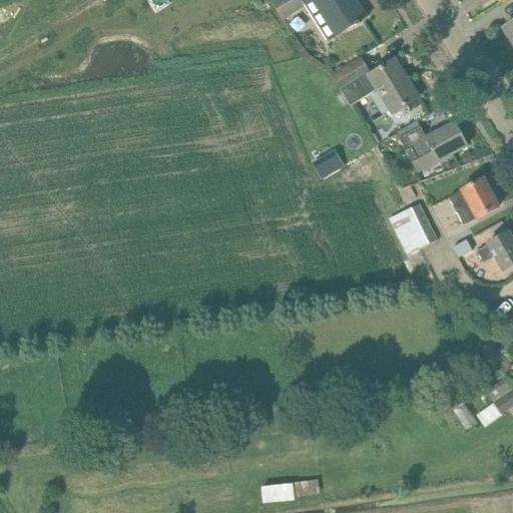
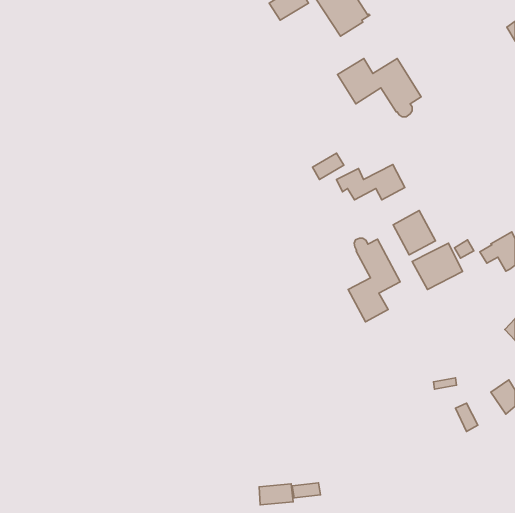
building: [399,121,467,156] -> [336,164,405,200]
building: [449,177,499,223] -> [412,243,463,290]
building: none -> [348,238,400,322]

